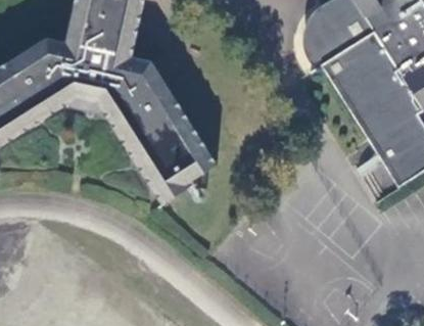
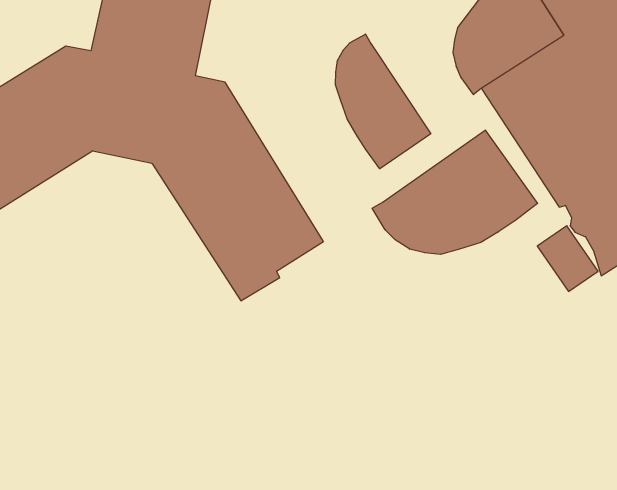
building: none -> [336,34,431,169]
building: none -> [372,130,538,254]

